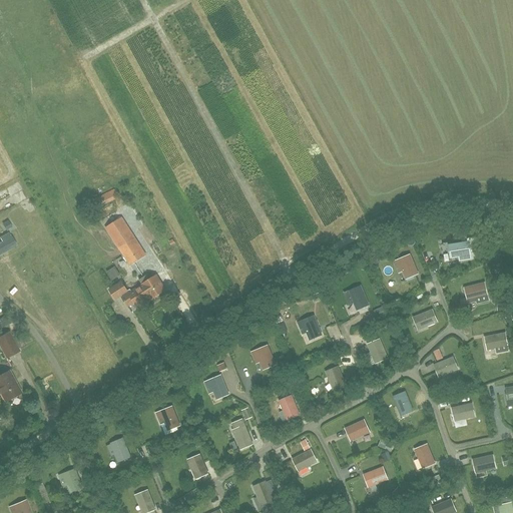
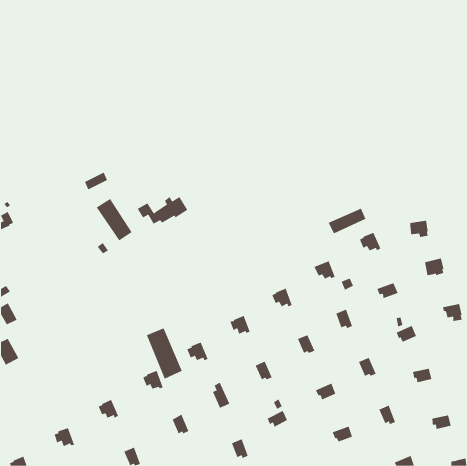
building: none -> [328,208,366,234]
building: [109,275,165,306] -> [137,196,188,225]
building: none -> [146,327,183,379]

